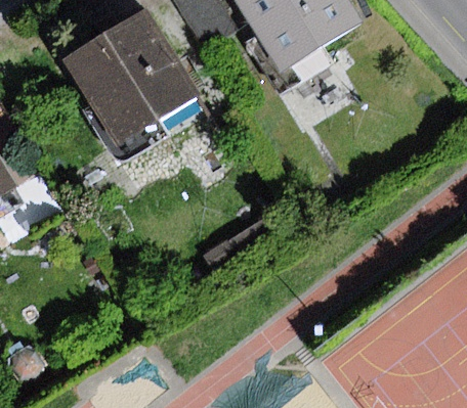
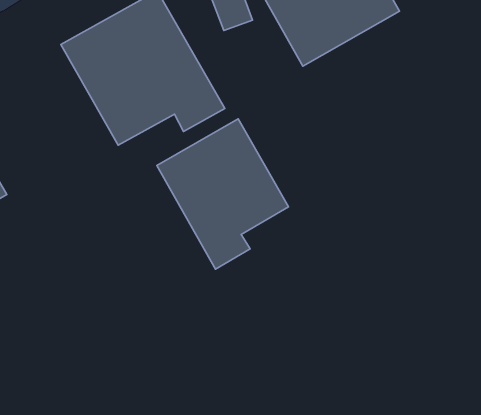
building: none -> [157,119,288,269]

